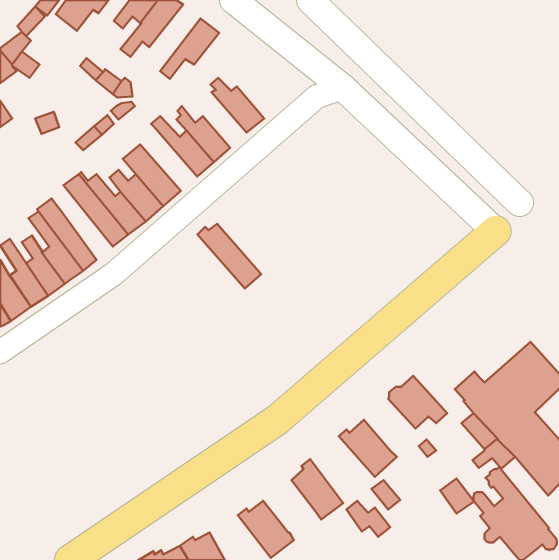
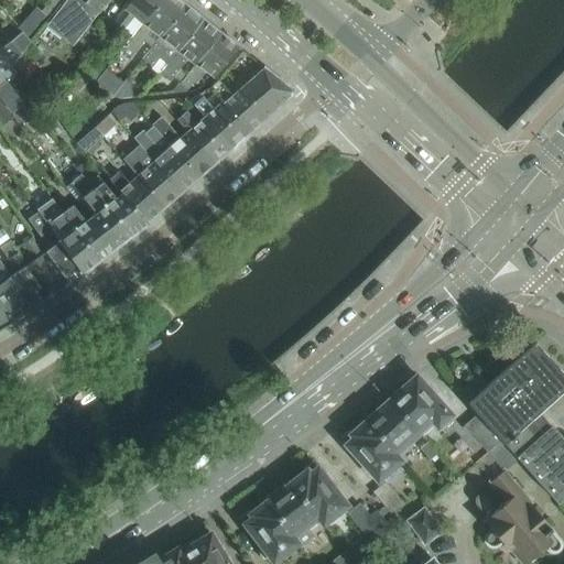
building: none -> [143,4,203,72]
building: none -> [172,33,239,93]
building: none -> [239,68,292,119]
building: none -> [192,85,249,149]
building: none -> [63,205,115,261]
building: [198,224,261,288] -> [135,127,199,192]
building: none -> [367,401,419,453]
building: [440,478,474,514] -> [409,508,443,543]
building: none -> [262,482,318,547]

